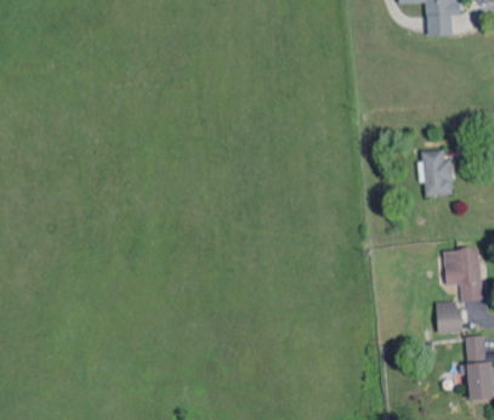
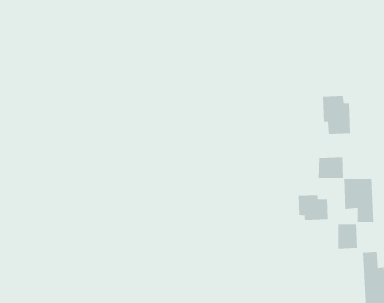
building: none -> [318,156,344,179]
building: none -> [298,195,328,221]

